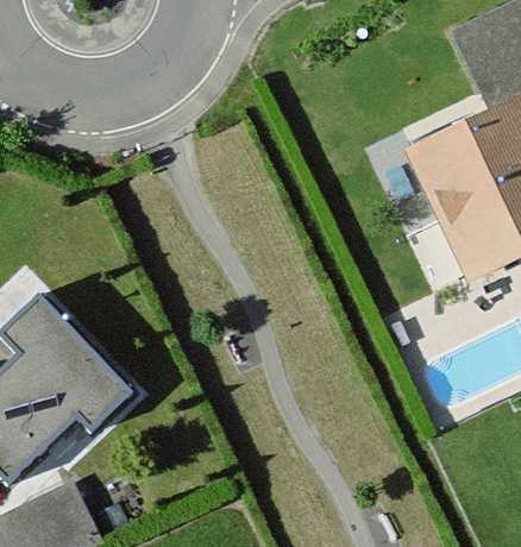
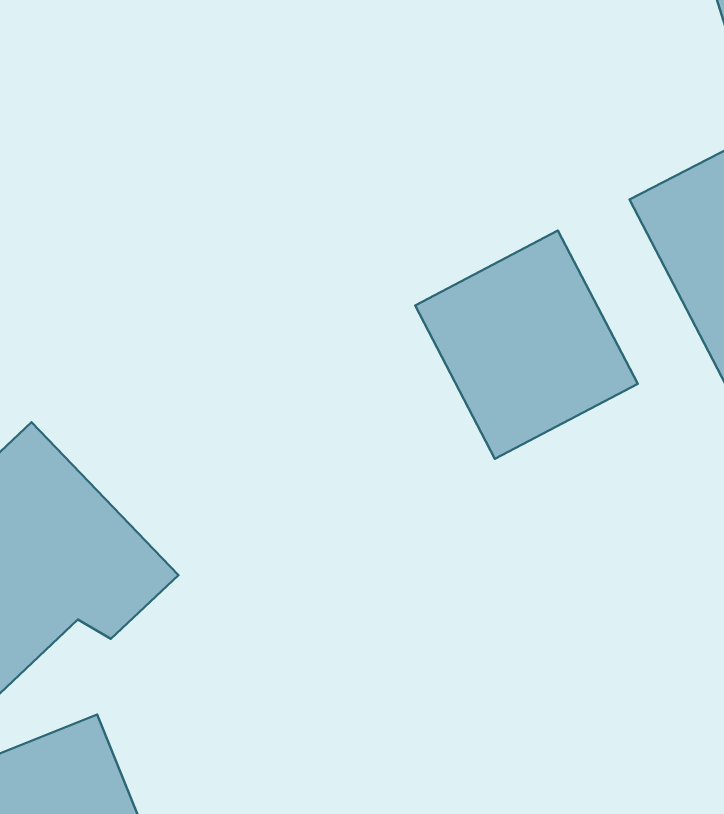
building: none -> [415,230,638,459]

